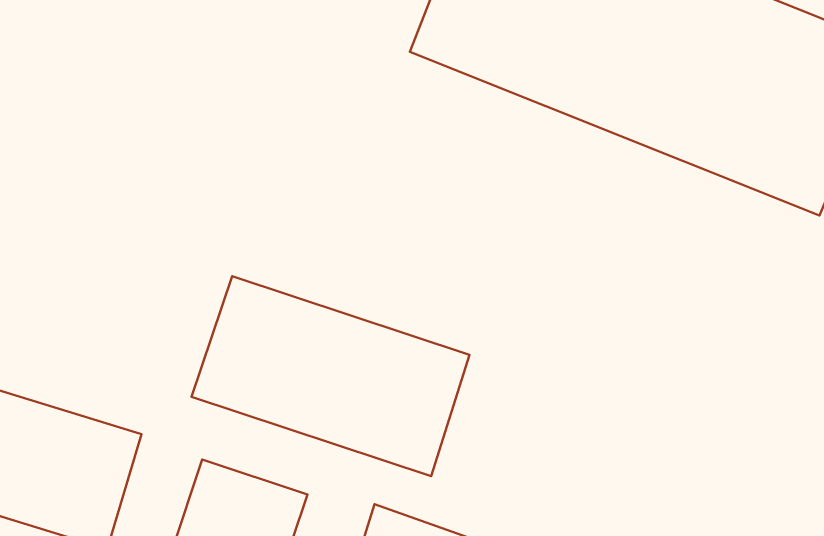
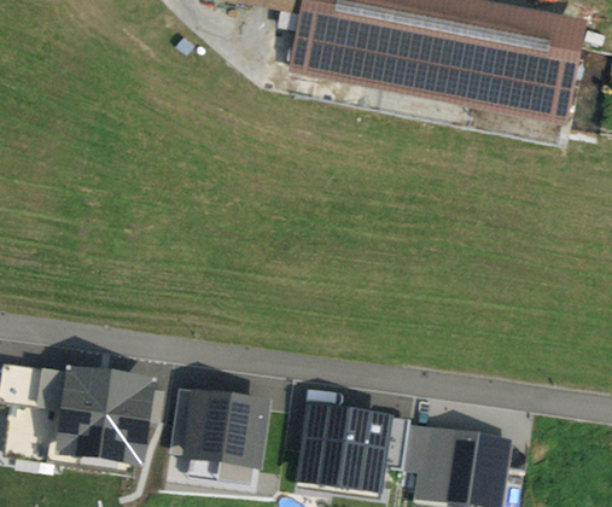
building: [192,276,470,476] -> none

